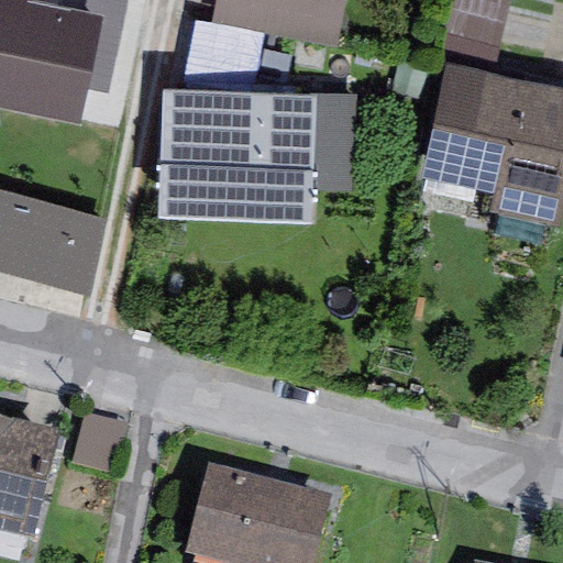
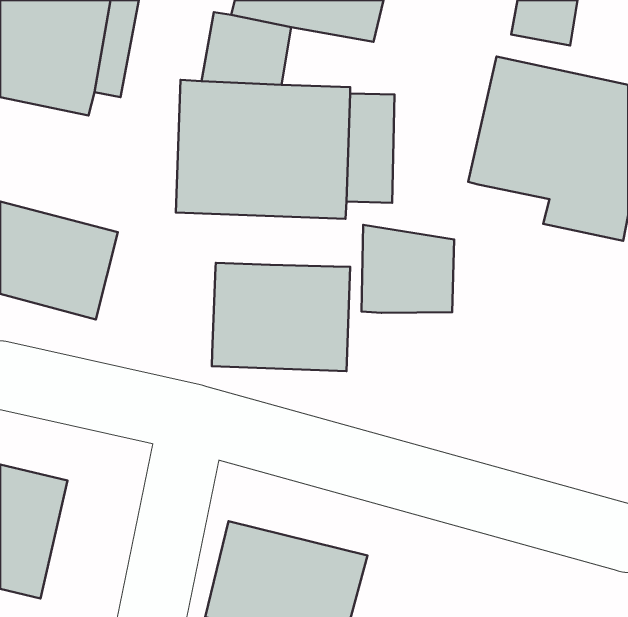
building: none -> [362,225,454,313]
building: none -> [212,263,350,371]

